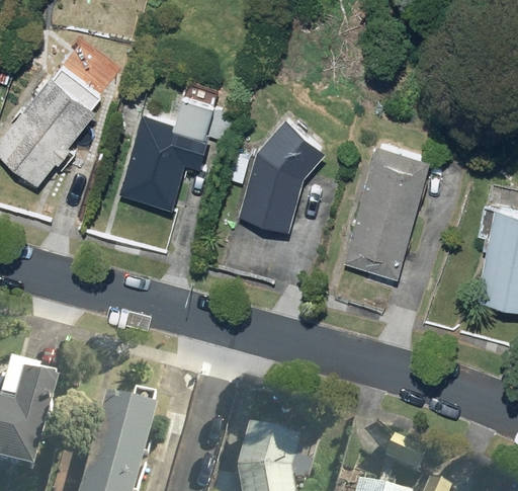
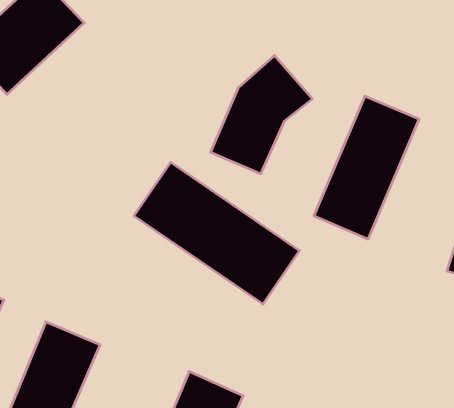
building: [119,95,217,209] -> none
building: none -> [134,162,299,304]

